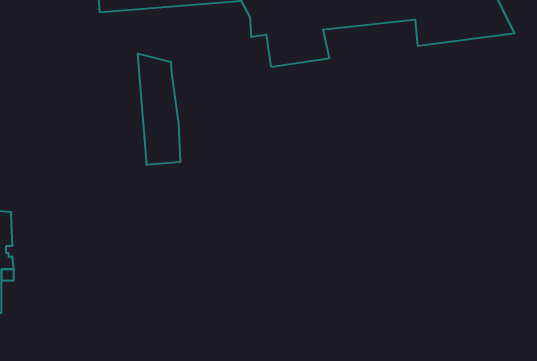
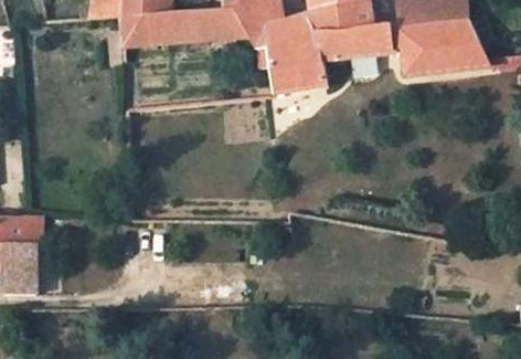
building: [138,53,180,165] -> none

